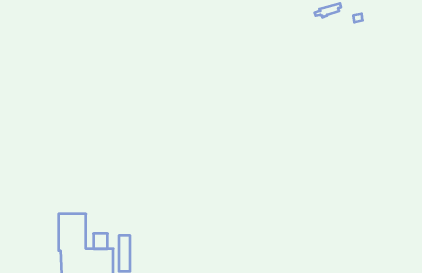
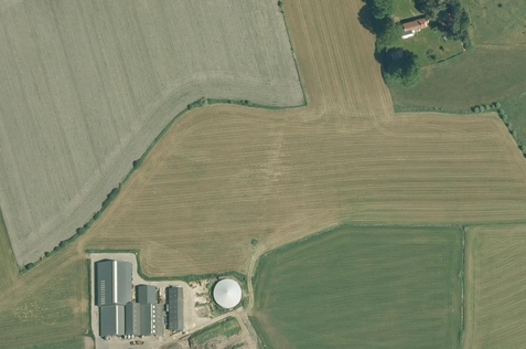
building: none -> [213,278,240,306]

